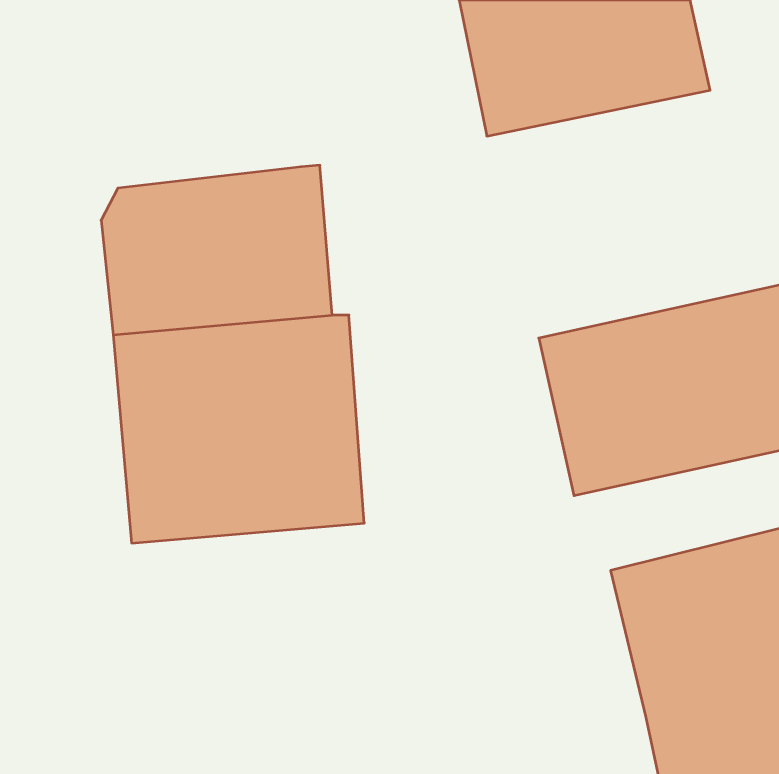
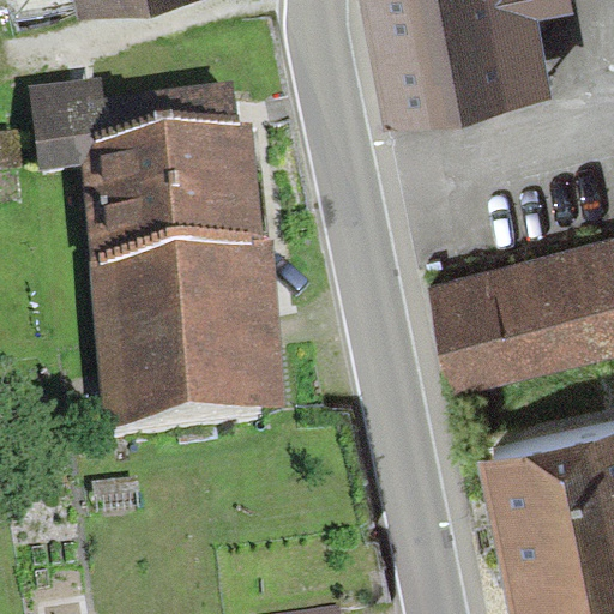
building: none -> [38,89,239,179]

